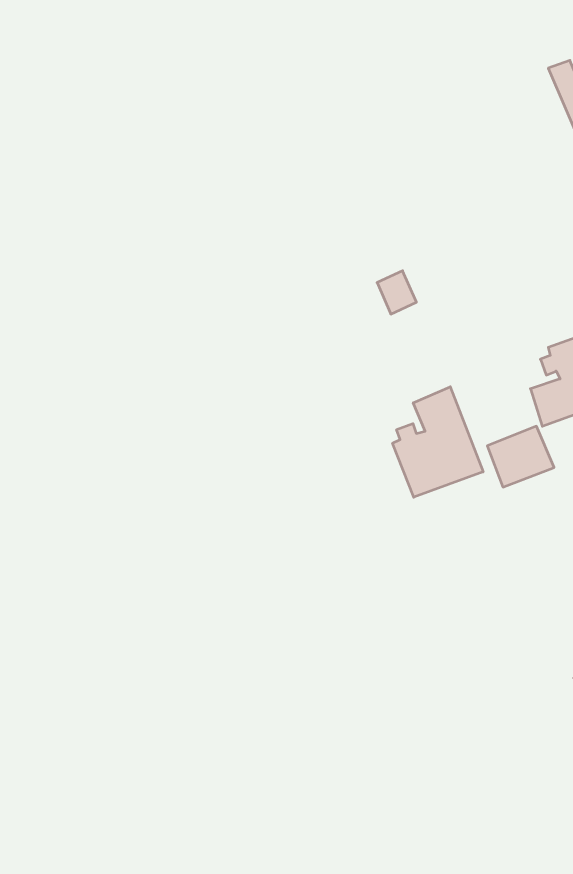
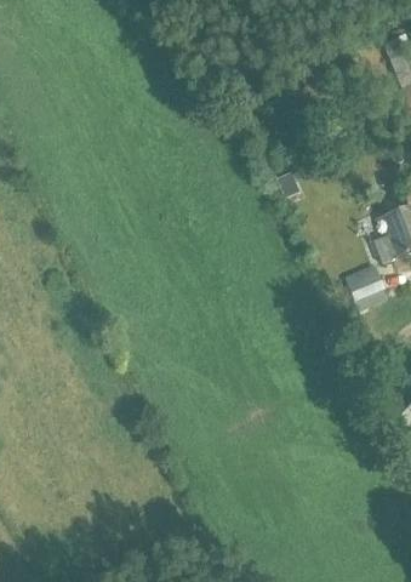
building: [393,387,483,497] -> none

